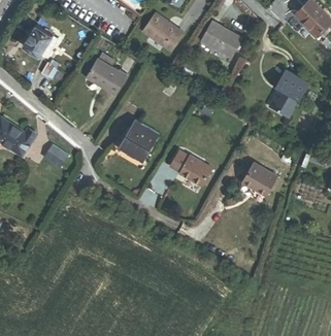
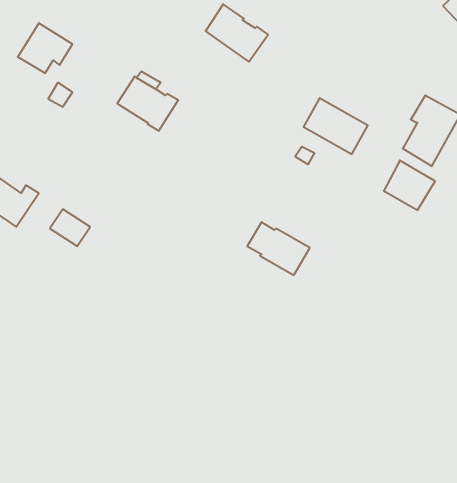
building: [201,22,242,58] -> [304,98,368,154]
building: [120,120,160,160] -> none
building: [243,163,276,195] -> [384,160,435,210]

